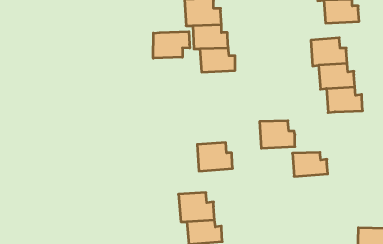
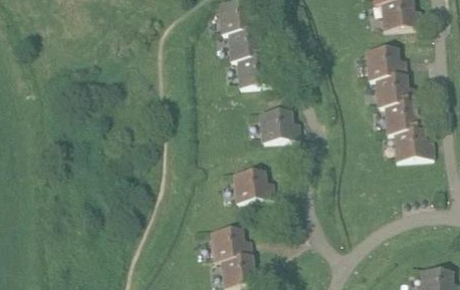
building: [153,32,190,58] -> none
building: [260,121,295,148] -> [258,109,299,141]
building: [292,152,328,176] -> [393,131,434,160]

